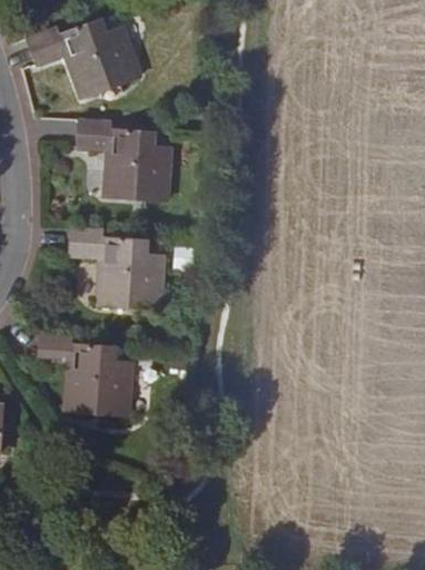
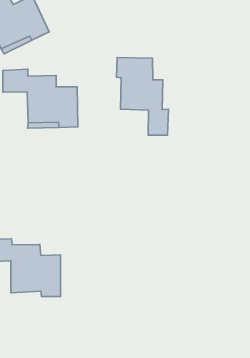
building: none -> [117,57,169,135]
building: [67,228,164,308] -> none

